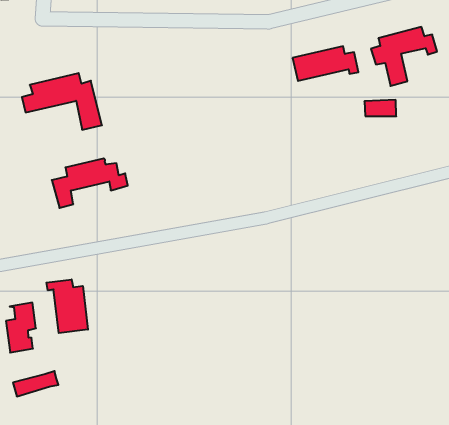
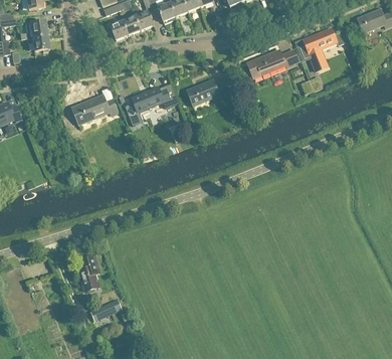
building: none -> [186,78,234,105]
building: [52,158,128,208] -> [124,86,176,125]
building: [46,279,88,333] -> none

